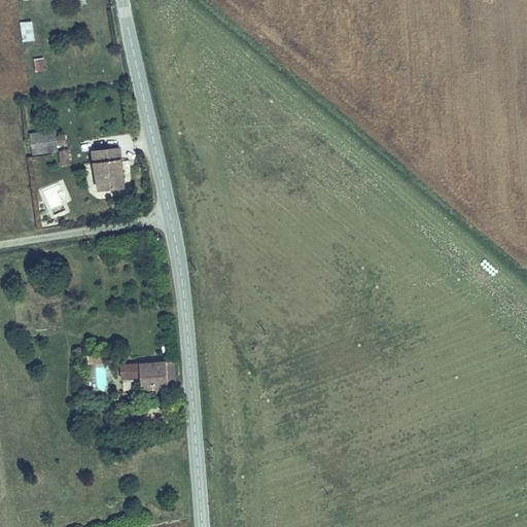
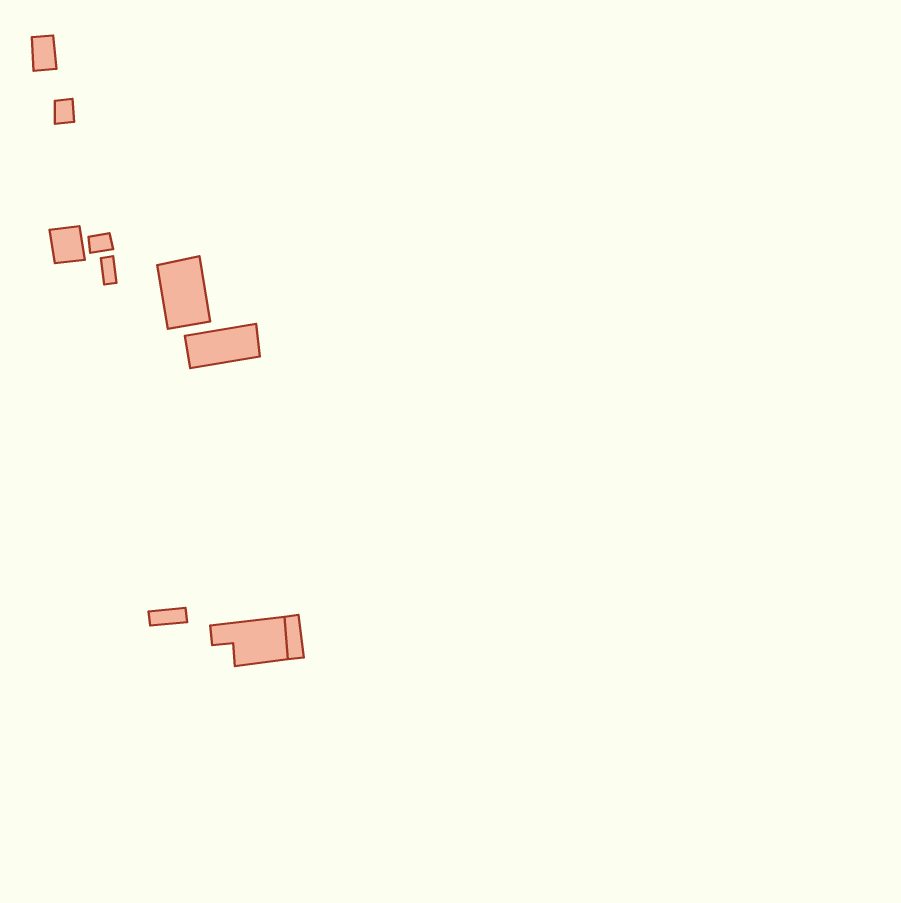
building: none -> [185,324,260,368]

